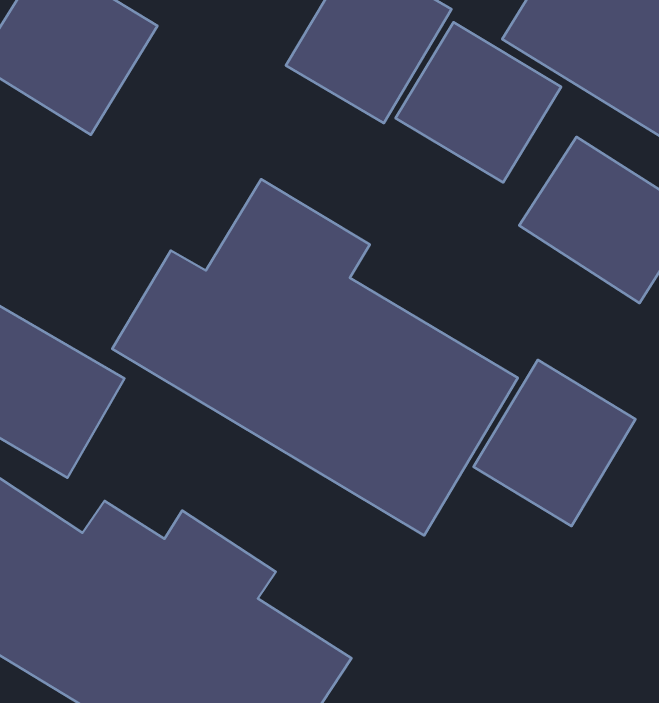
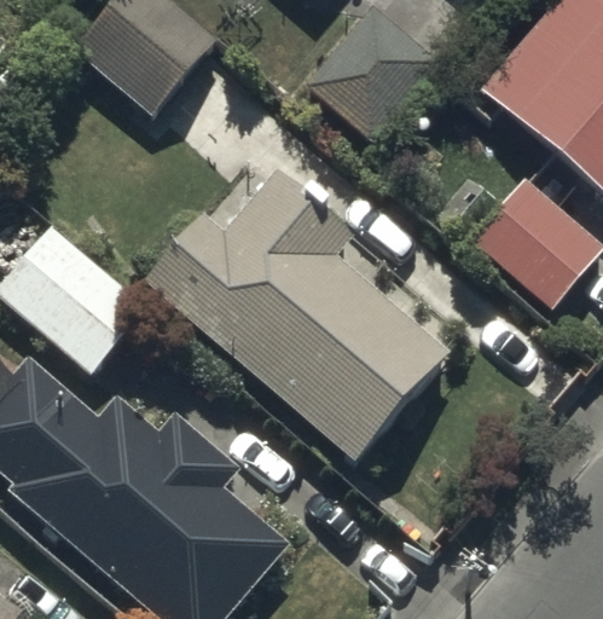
building: [396,22,561,183] -> none
building: [474,360,636,526] -> none

